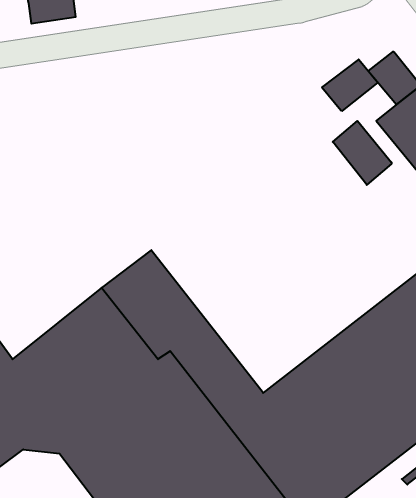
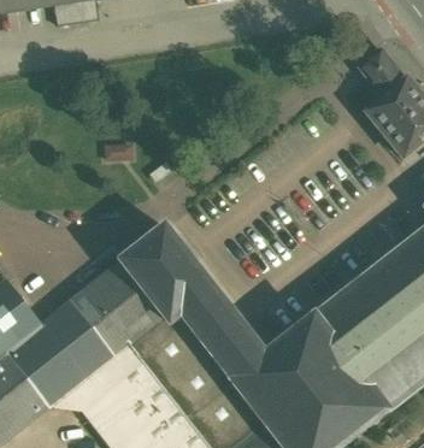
building: [322,59,378,111] -> none
building: [333,121,392,185] -> none

